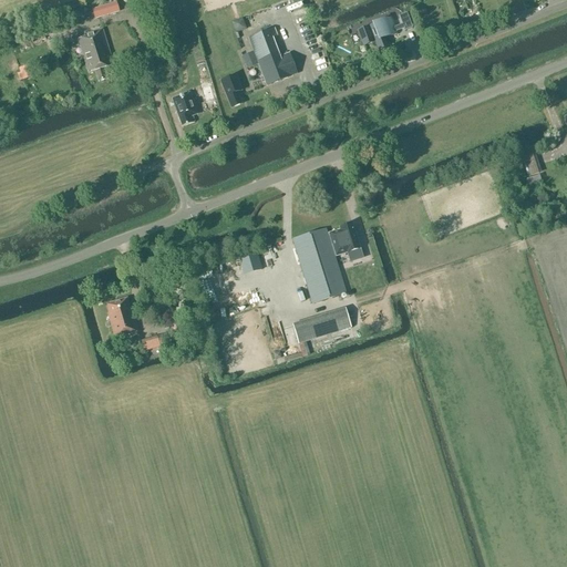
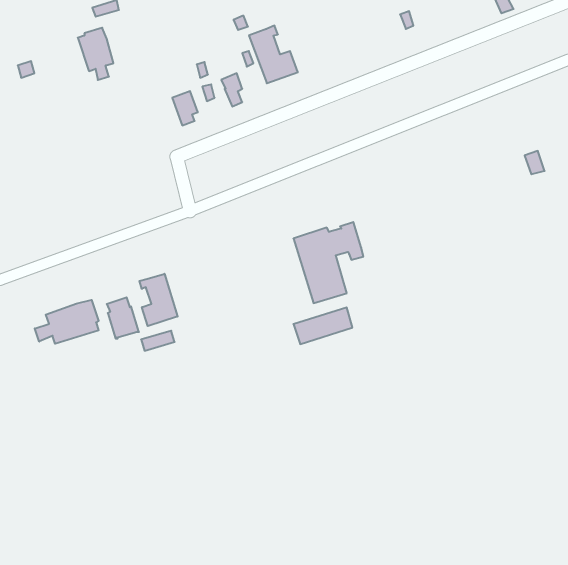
building: [358,17,398,48] -> none
building: none -> [139,274,178,326]
building: none -> [35,300,99,344]

